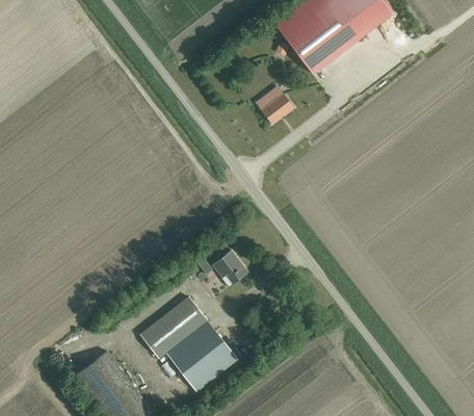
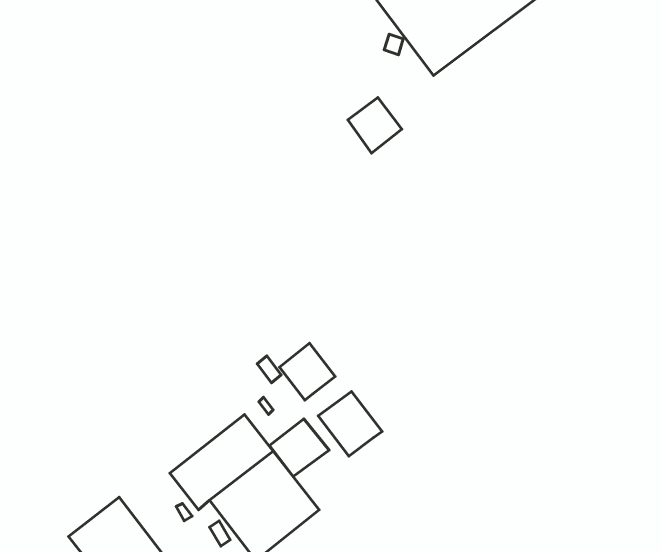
building: none -> [318,392,382,456]
building: none -> [270,419,329,476]

